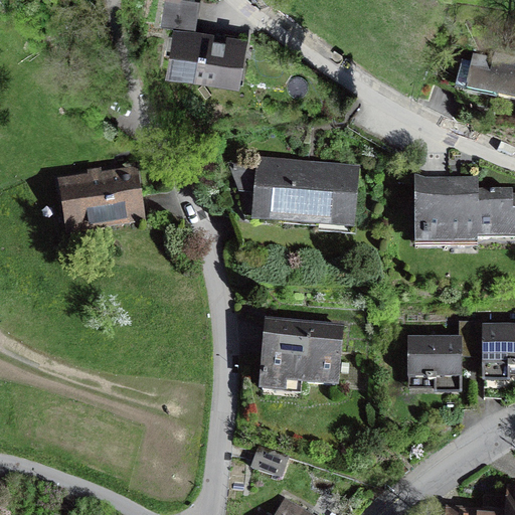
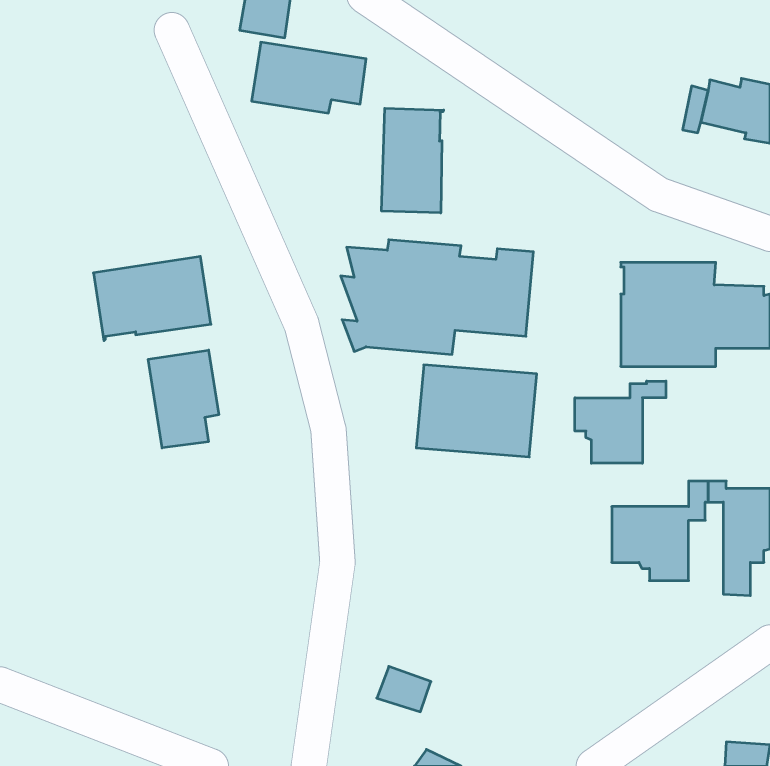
building: none -> [382,108,444,213]
building: none -> [148,350,219,448]
building: none -> [575,381,666,463]
building: [262,321,342,382] -> [416,365,537,457]

